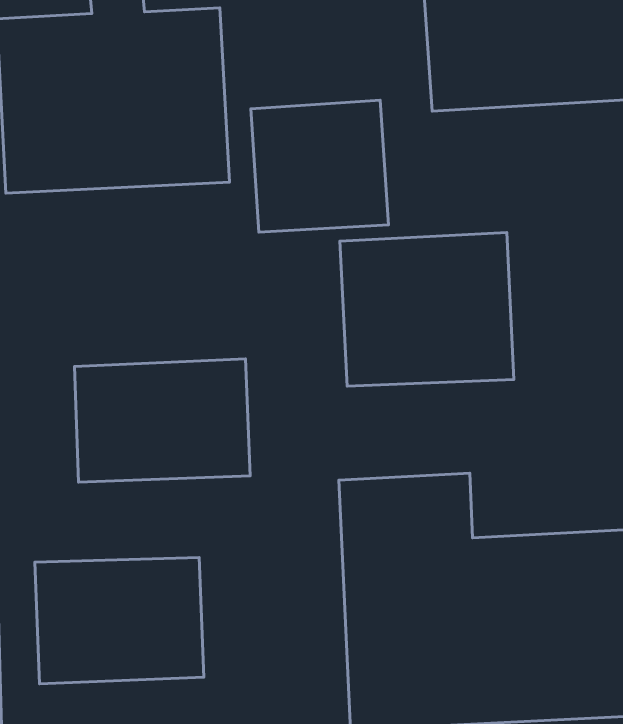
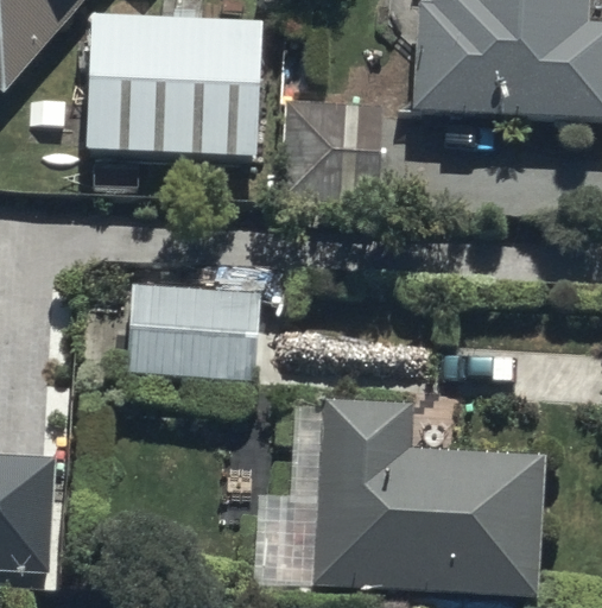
building: [340,233,514,386] -> none
building: [35,557,204,684] -> none

